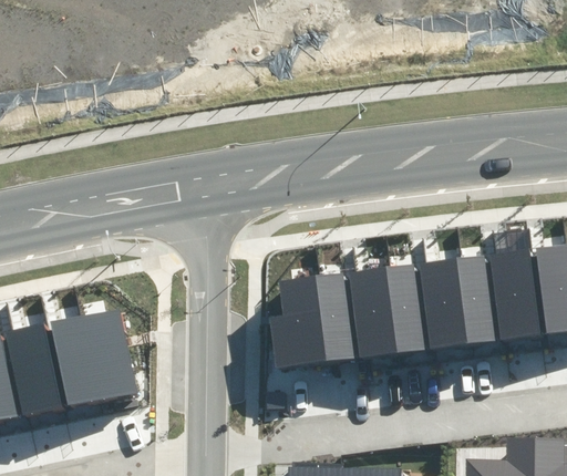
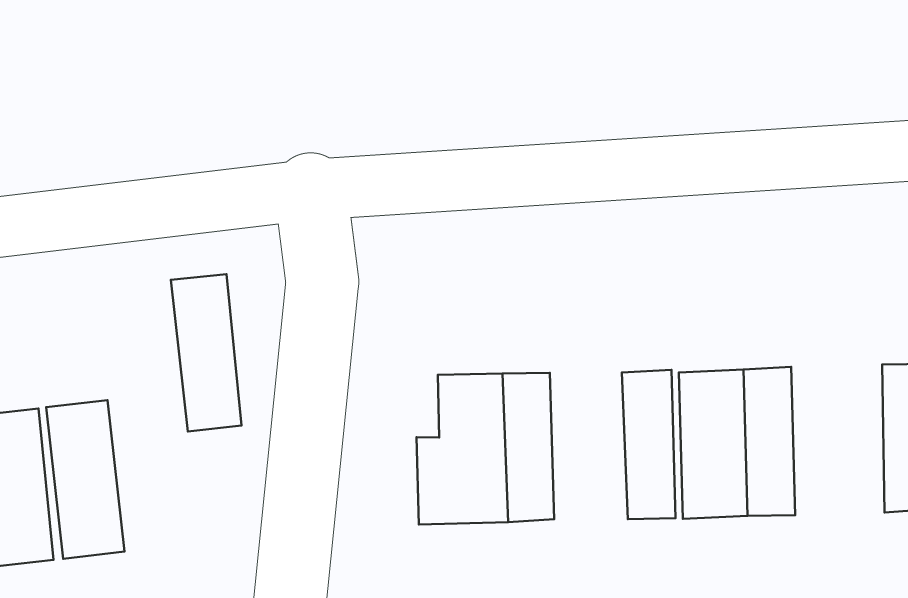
building: [488,249,540,340] -> none
building: [348,268,398,359] -> none
building: [86,308,136,402] -> [171,274,241,431]

